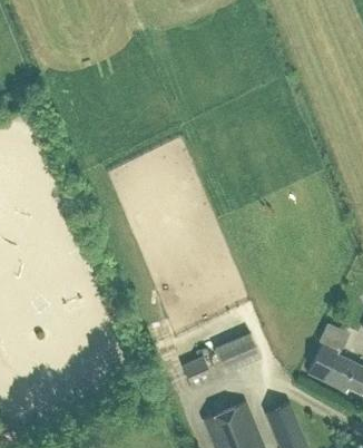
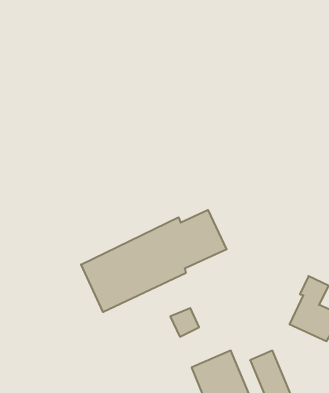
building: none -> [81,210,227,312]
building: [215,333,261,372] -> none

